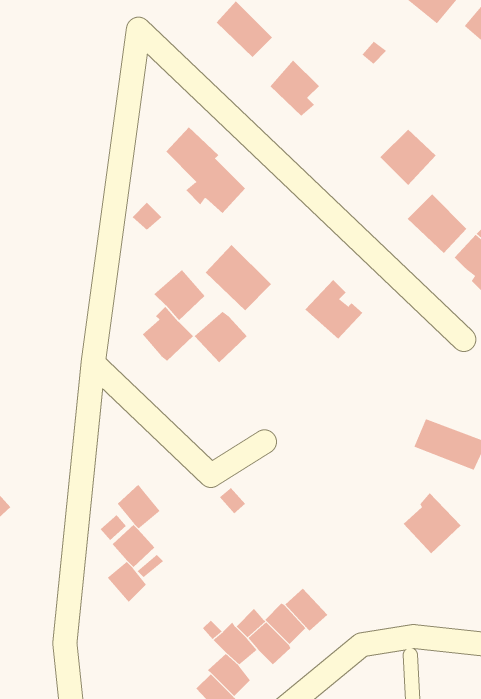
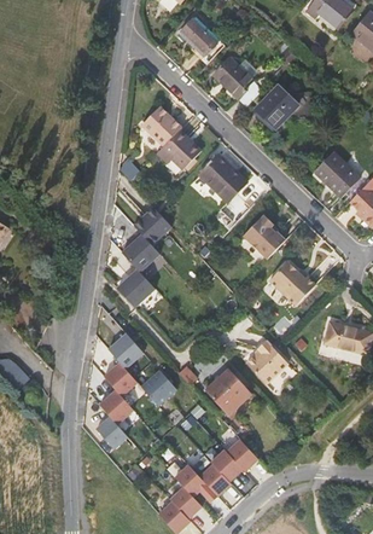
building: [380,129,437,186] -> [257,86,298,127]
building: [205,244,272,311] -> [197,156,245,204]
building: [194,311,248,363] -> [117,271,156,308]
building: none -> [268,262,315,306]
building: none -> [110,333,145,368]
building: [403,492,461,554] -> [246,339,289,384]
building: none -> [205,368,250,412]
building: none -> [142,370,177,405]

